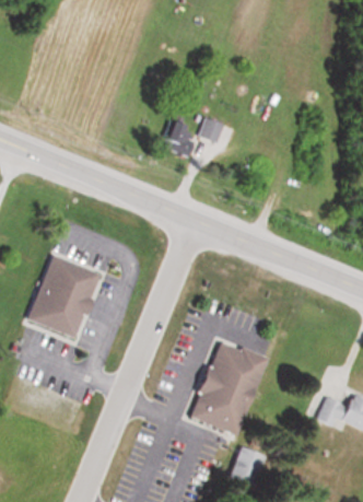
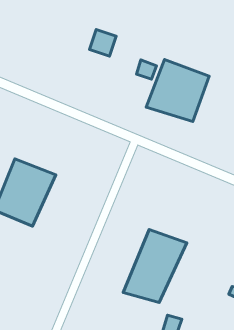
building: none -> [146,60,209,121]
building: [164,122,199,157] -> [89,29,116,56]

